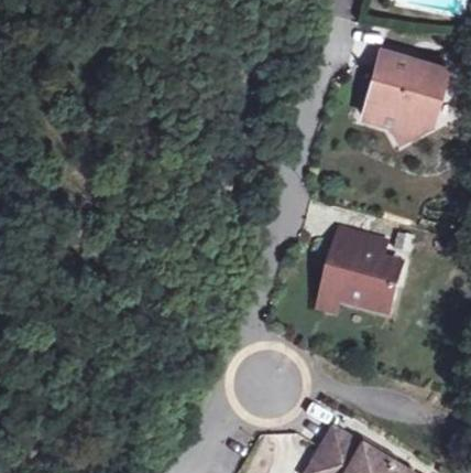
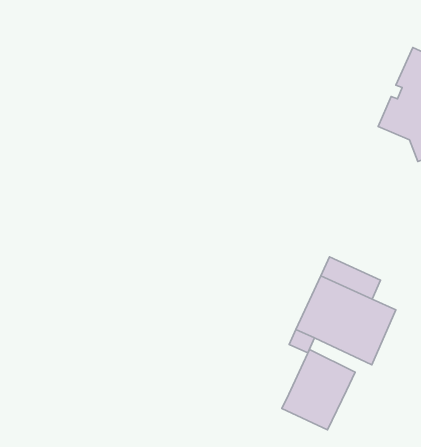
building: none -> [282,349,355,430]

